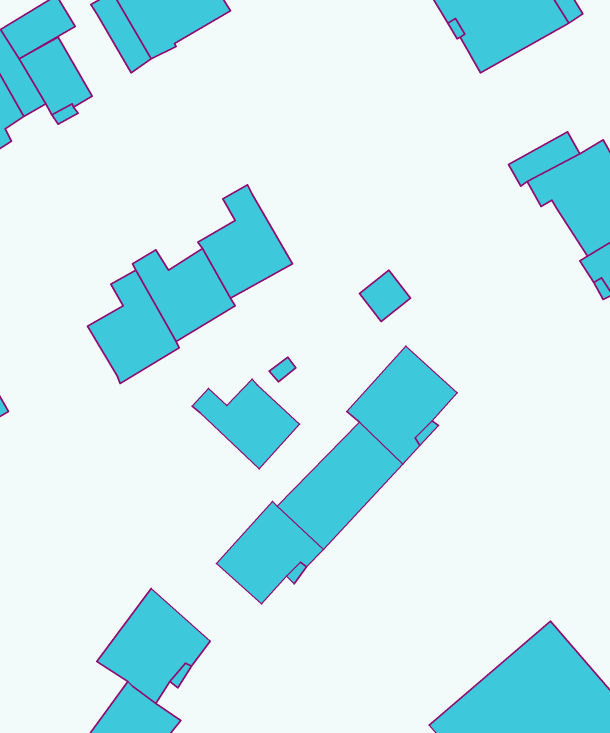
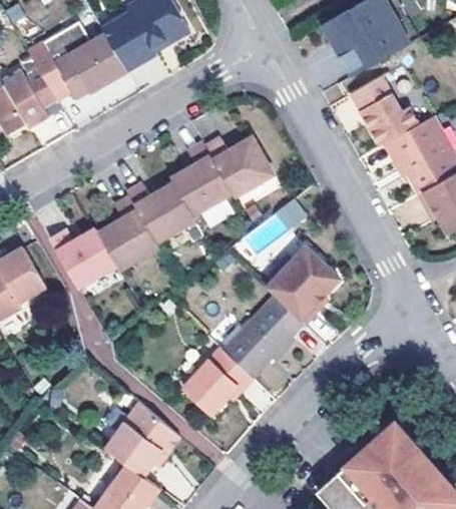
building: none -> [79,33,126,86]
building: none -> [349,75,408,130]
building: none -> [204,139,273,198]
building: none -> [50,229,117,290]
building: [192,379,299,469] -> none

